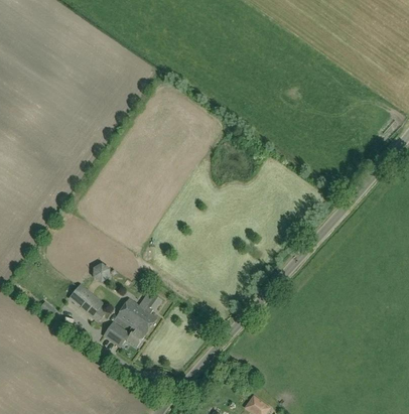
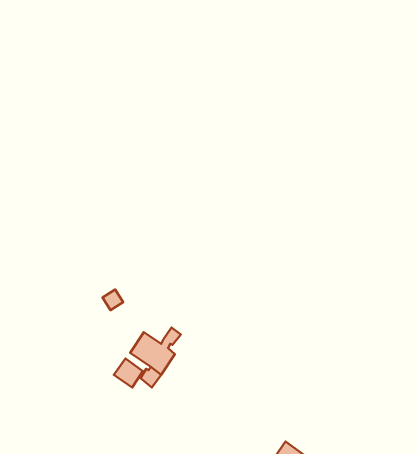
building: [70,284,105,320] -> none

